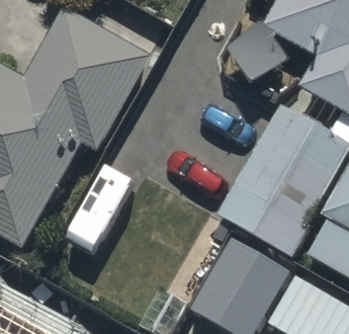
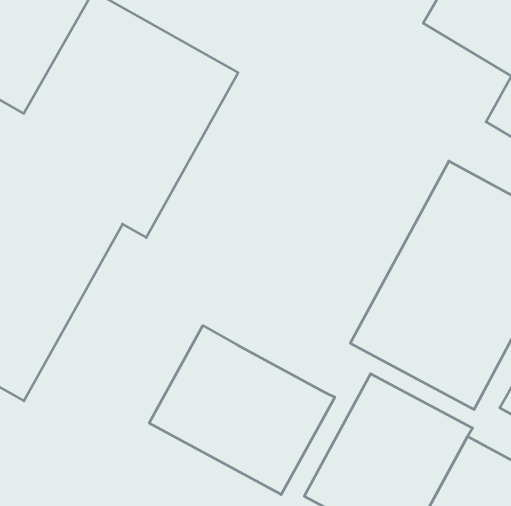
building: none -> [149,326,335,495]

